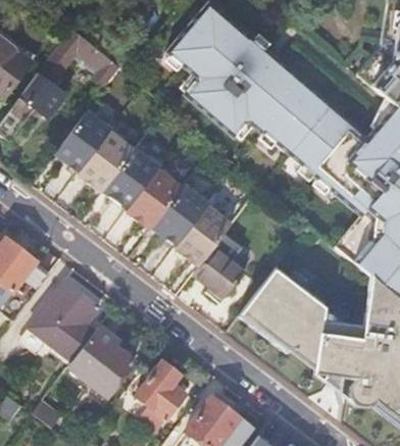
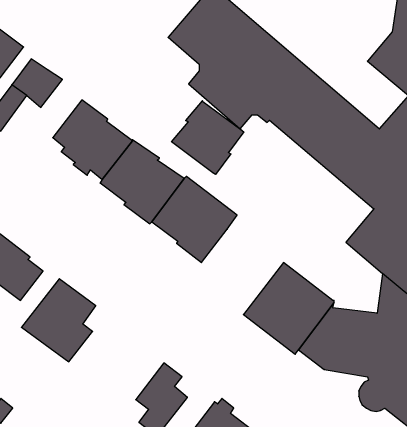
building: [38,29,118,88] -> none
building: none -> [172,101,244,174]
building: [194,235,245,298] -> none
building: [68,327,135,396] -> none

